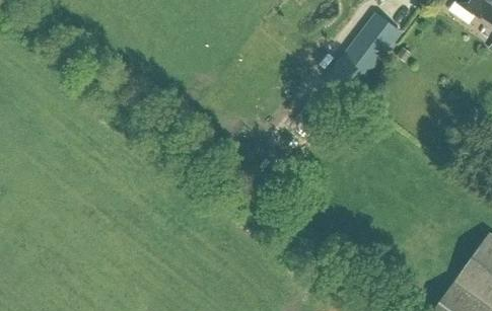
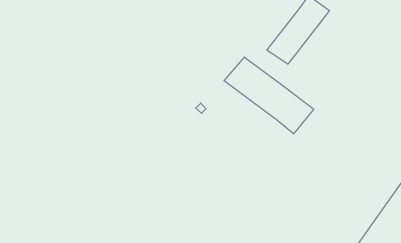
building: none -> [224,57,314,134]

